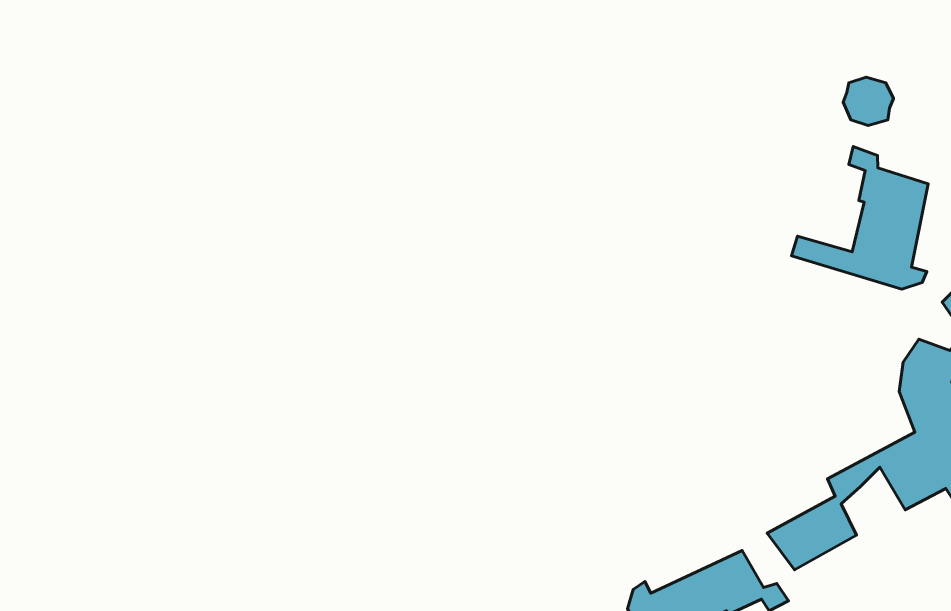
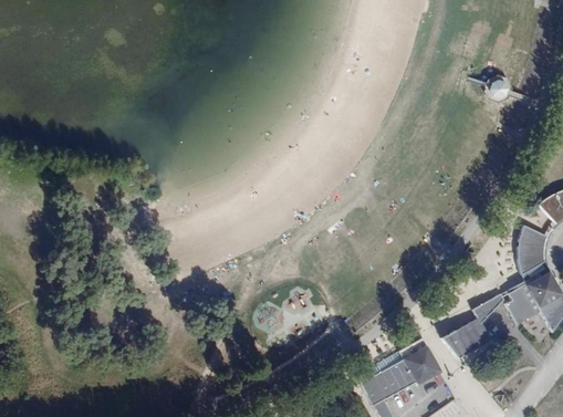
building: [792,147,928,289] -> none

